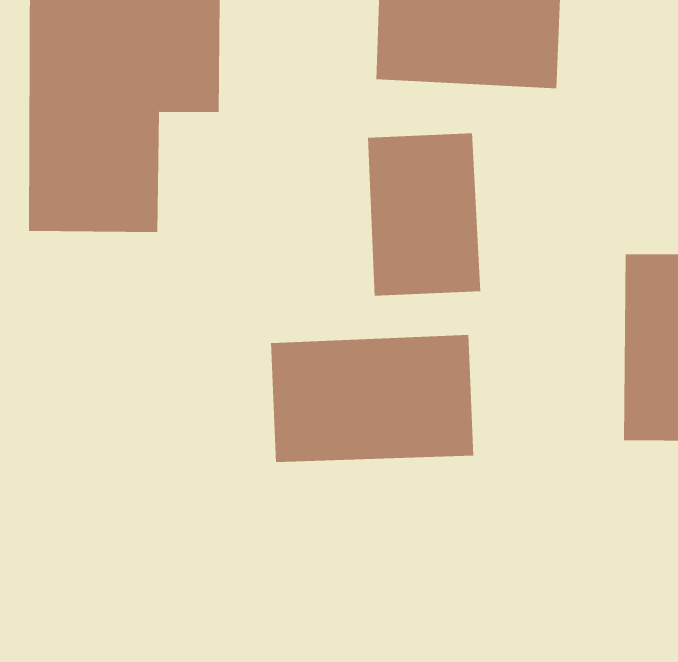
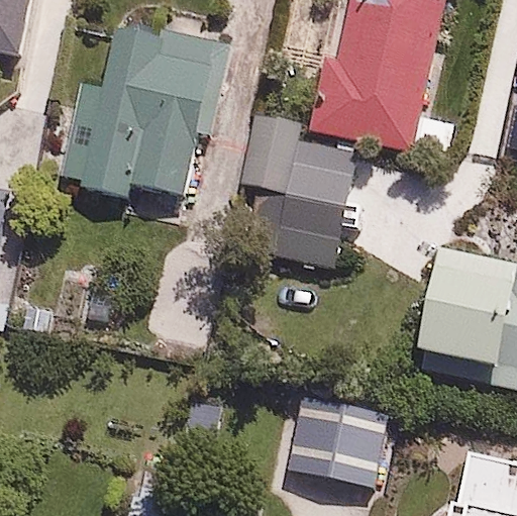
building: [270,334,474,463] -> none
building: none -> [286,396,391,489]

